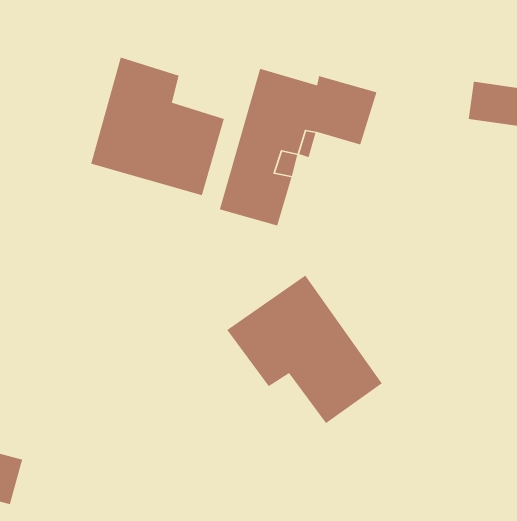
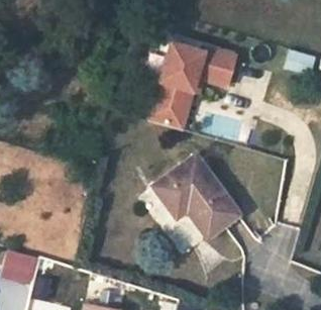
building: [90,57,225,196] -> none

